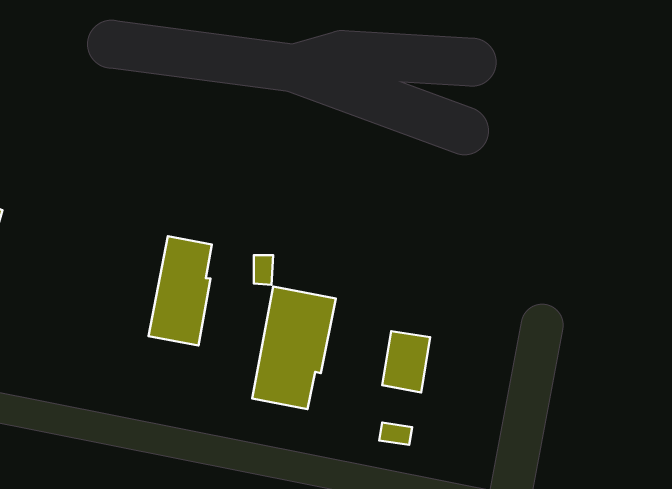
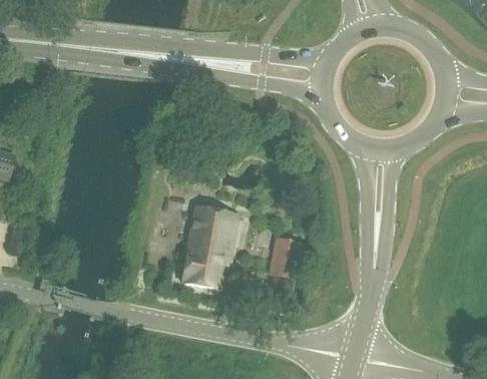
building: [149,236,212,346] -> none

